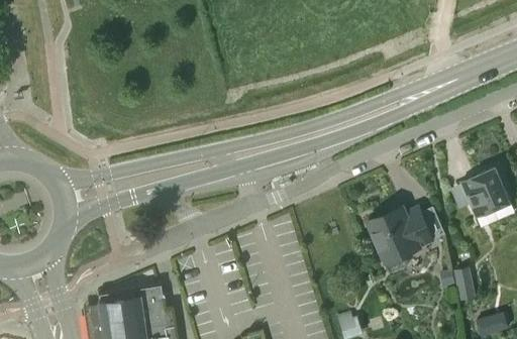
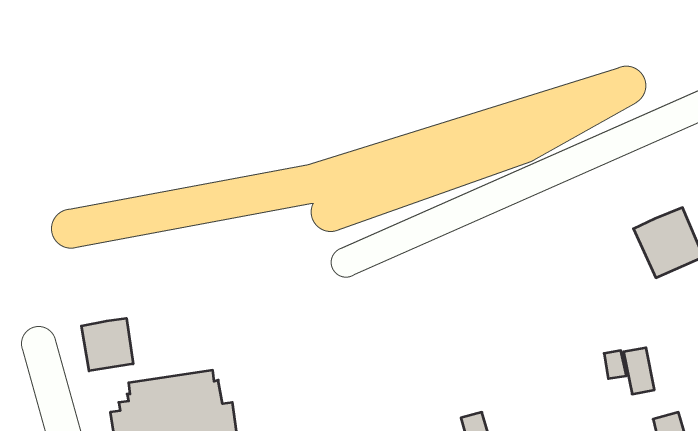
building: [369,207,446,261] -> none
building: none -> [81,318,133,371]

